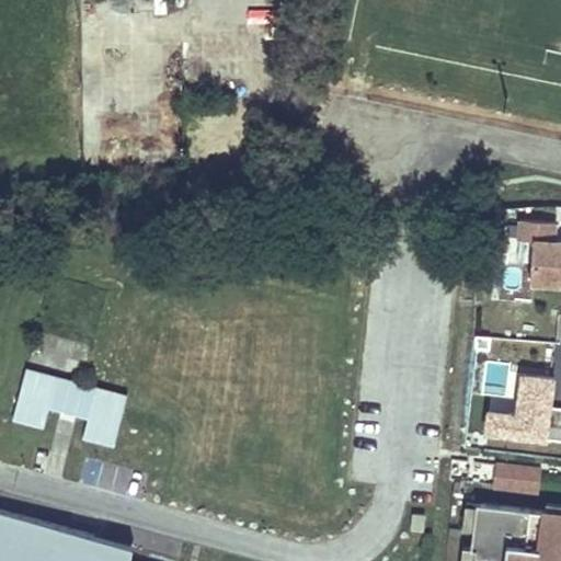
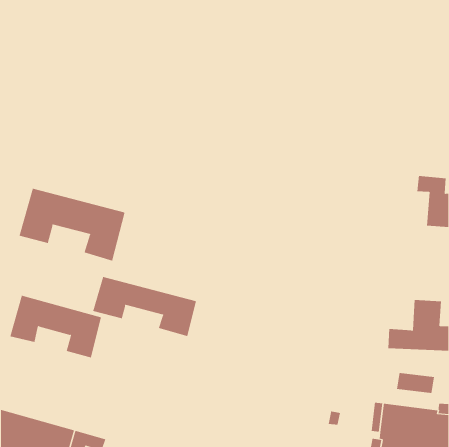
building: none -> [19,188,125,261]
building: none -> [93,276,197,337]

